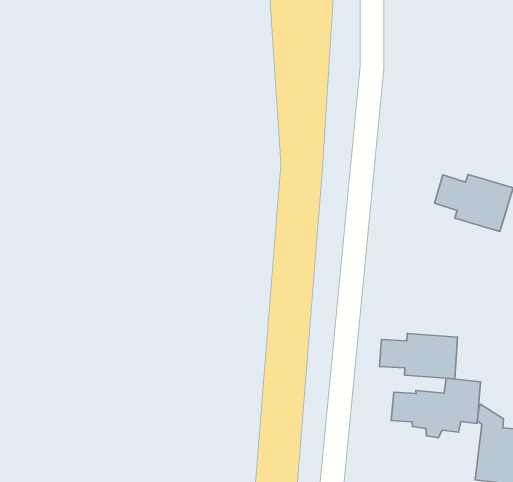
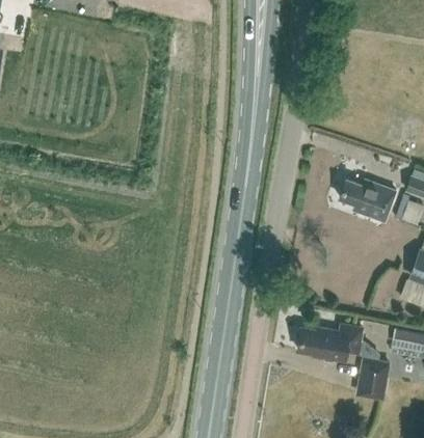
building: [379,333,458,379] -> none

